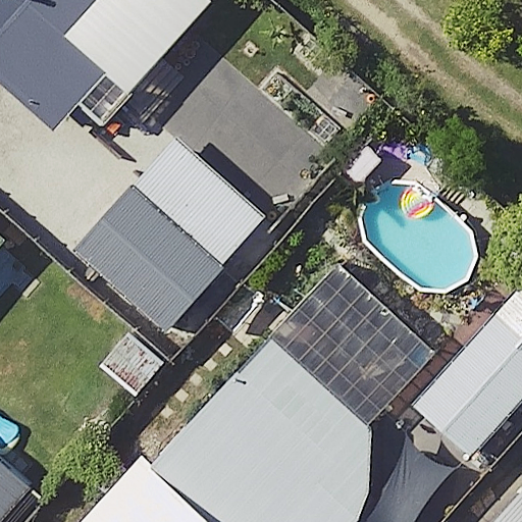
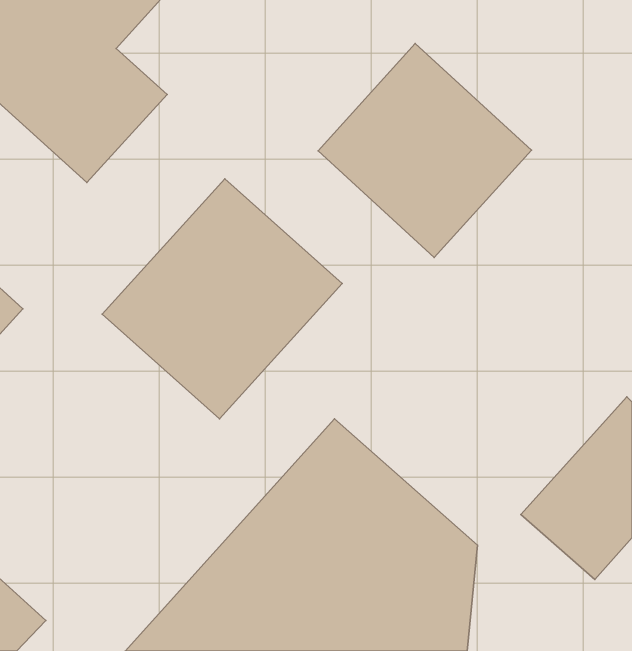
building: none -> [318,44,531,257]

